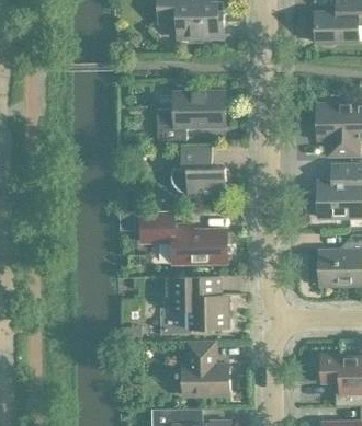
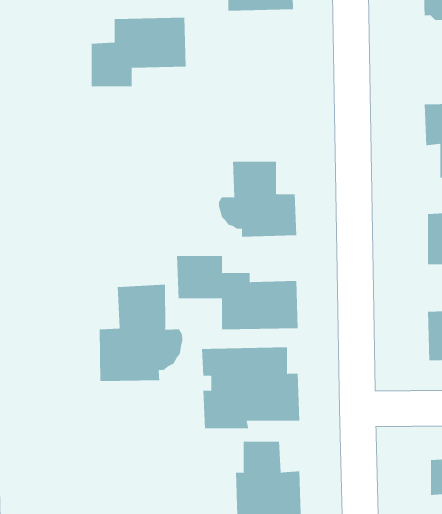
building: [157,91,225,140] -> [91,17,187,87]
building: none -> [99,284,183,382]

